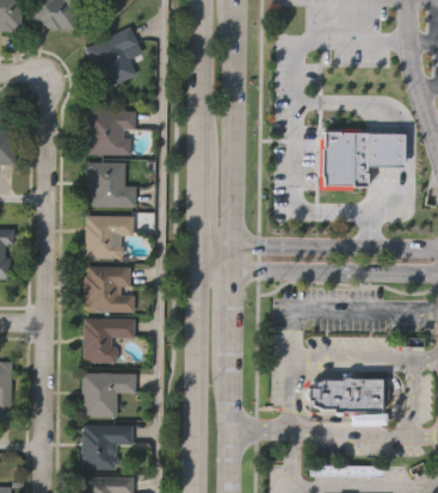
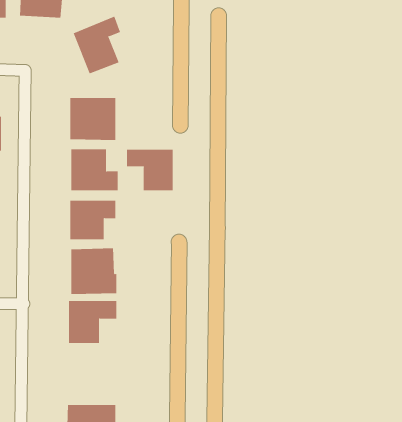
building: [319,130,403,185] -> none
building: none -> [127,149,173,191]
building: [81,372,135,418] -> none
building: [304,377,381,413] -> none

